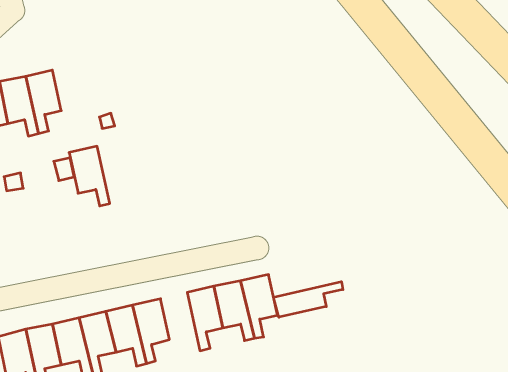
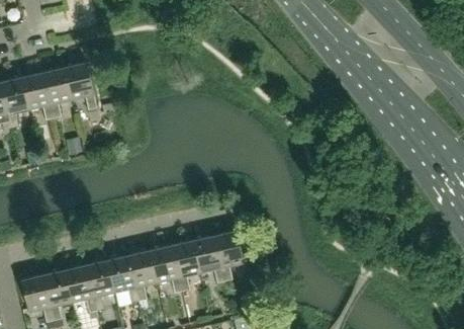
building: [69,146,110,206] -> [65,63,97,110]
building: [273,282,343,317] -> none
building: none -> [151,245,182,294]

